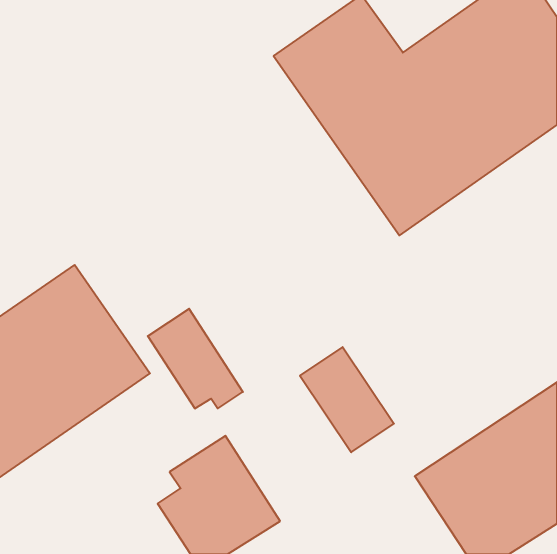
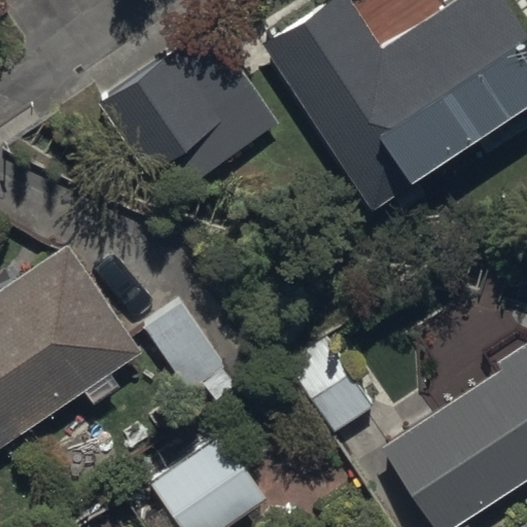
building: none -> [96,31,274,185]

